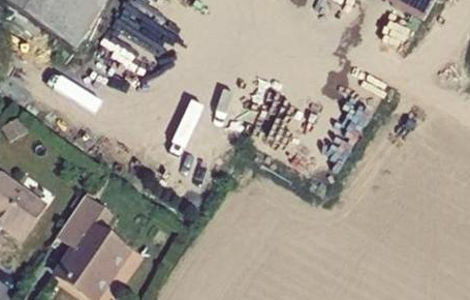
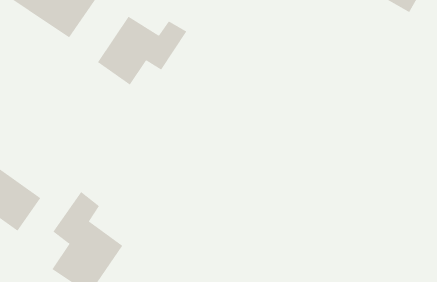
building: none -> [97,16,187,86]

